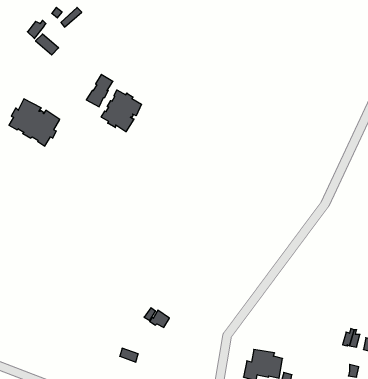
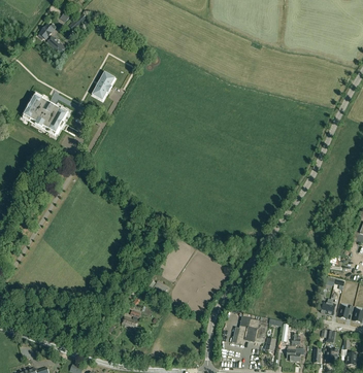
building: [101,90,141,132] -> none

